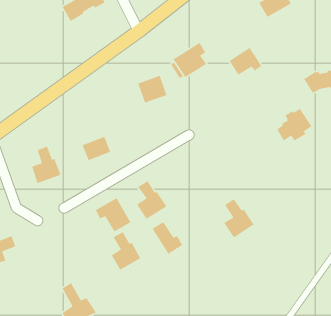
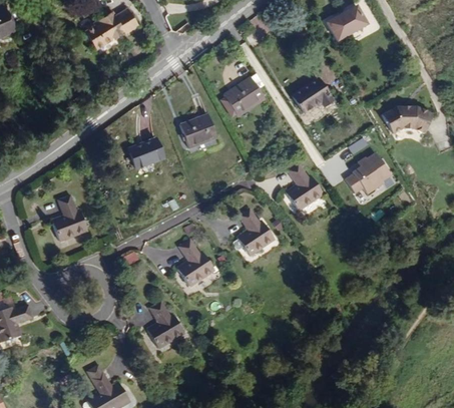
building: none -> [286,164,323,214]
building: [82,136,111,161] -> [127,138,163,169]
building: [95,197,131,232] -> none
building: [223,198,255,239] -> [237,210,275,259]
building: [151,221,183,255] -> none

